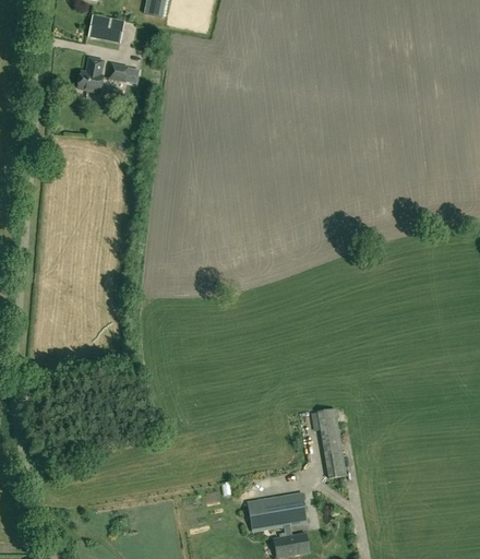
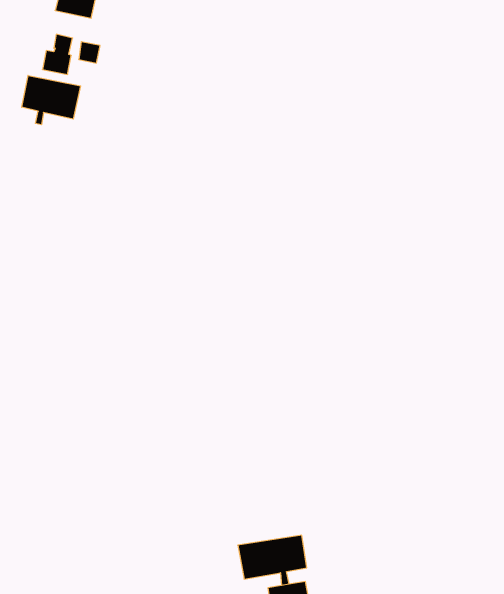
building: none -> [22,75,81,125]
building: [316,408,346,478] -> none

